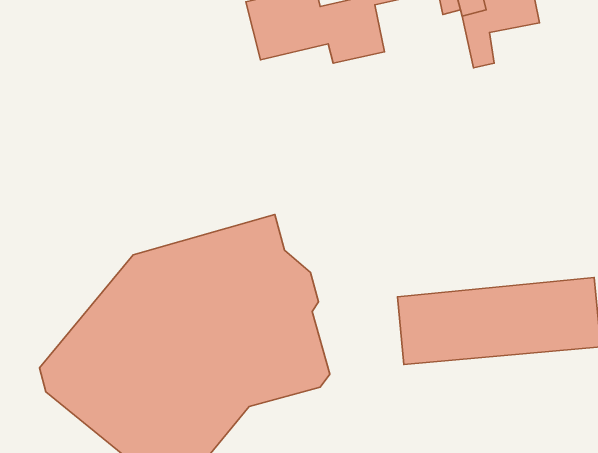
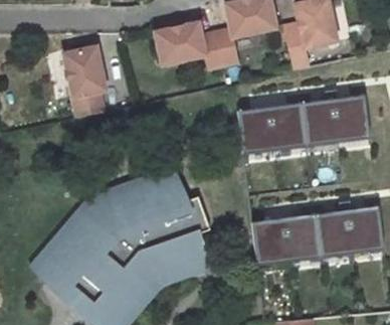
building: none -> [68,49,112,120]
building: none -> [237,94,369,151]

